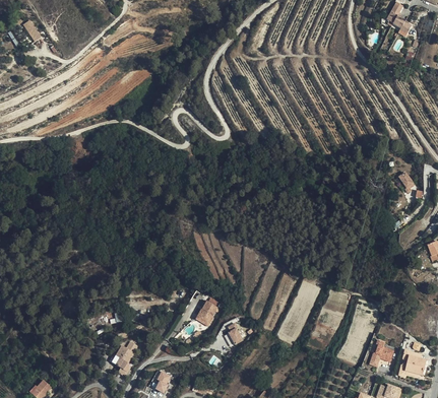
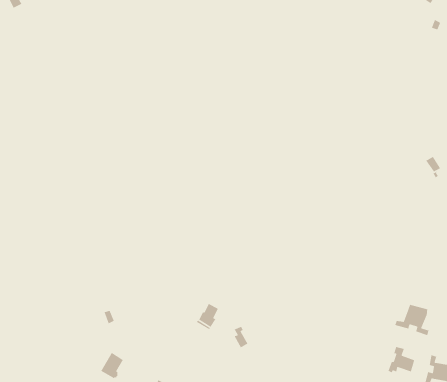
building: none -> [394,304,429,336]

